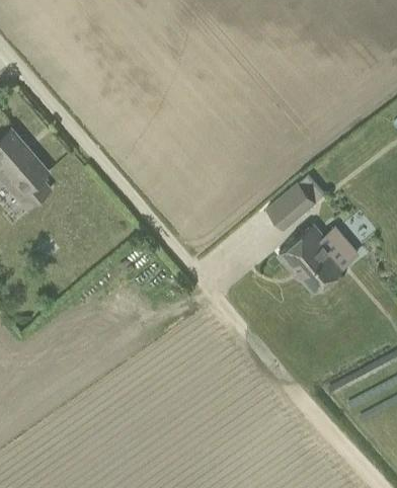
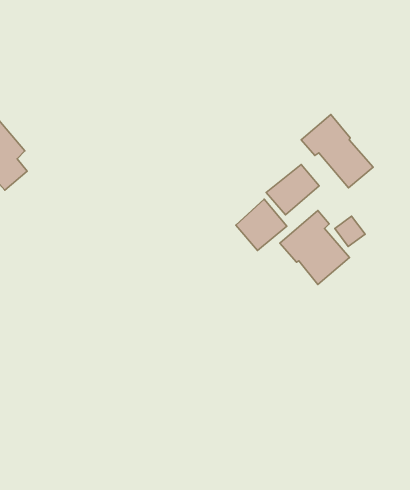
building: none -> [301,115,373,188]
building: none -> [236,199,287,250]

